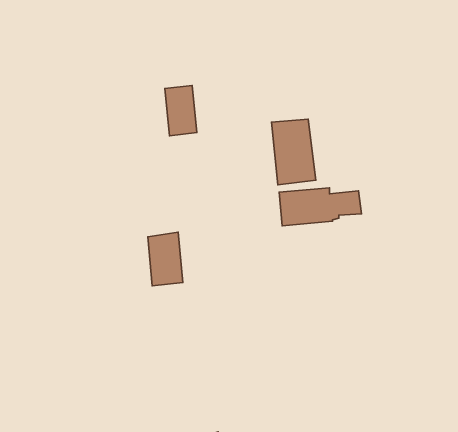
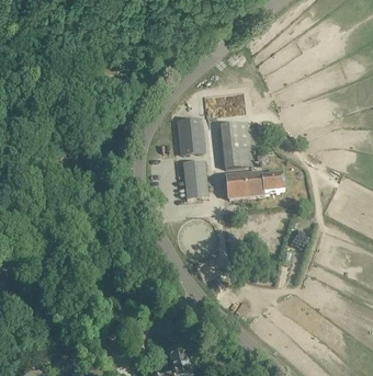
building: [165,85,197,136] -> [180,118,203,155]
building: [148,232,183,286] -> [183,160,208,198]

